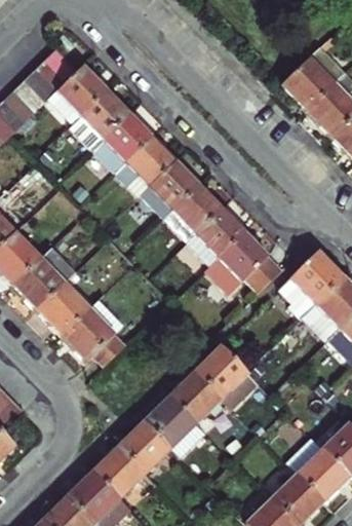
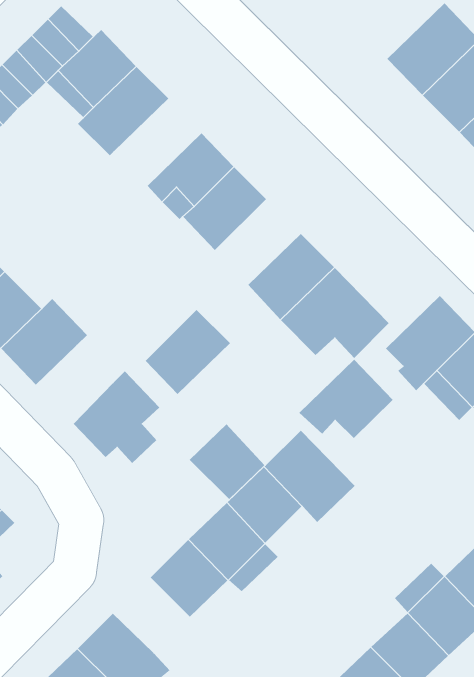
building: [92,113,153,174] -> none
building: [162,183,222,242] -> [145,309,231,395]
building: [38,285,91,339] -> none
building: none -> [299,359,393,439]
building: none -> [189,424,265,500]
building: [91,446,145,498] -> none

